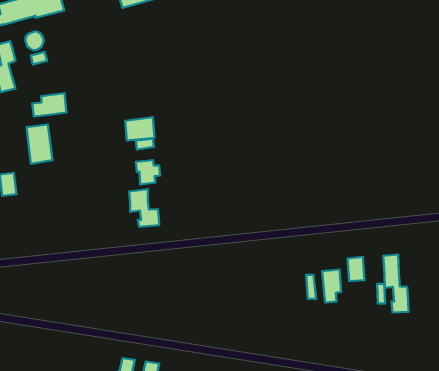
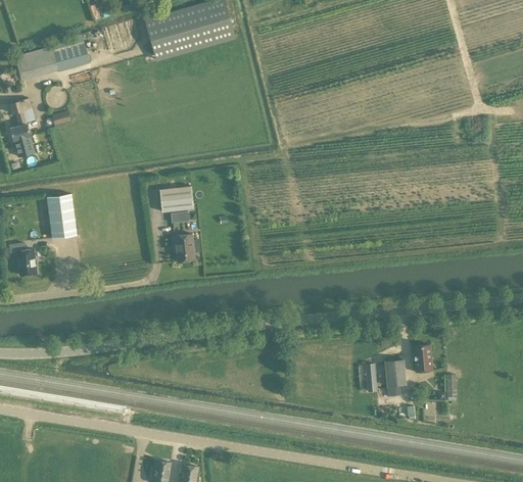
building: [32,93,67,117] -> none
building: [129,189,159,227] -> none
building: [383,255,409,313] -> none

